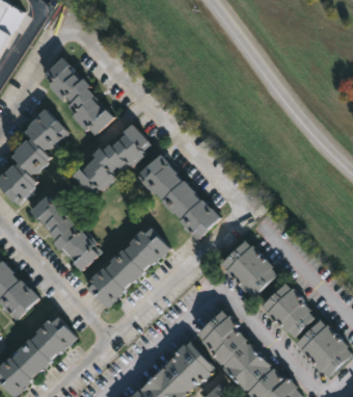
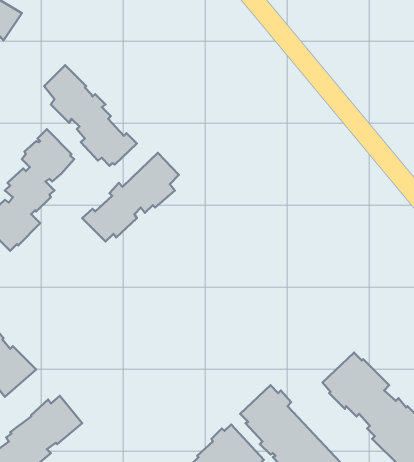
building: [132,154,217,237] -> none
building: [27,194,97,272] -> none
building: [85,228,168,308] -> none
building: [222,240,279,297] -> none

